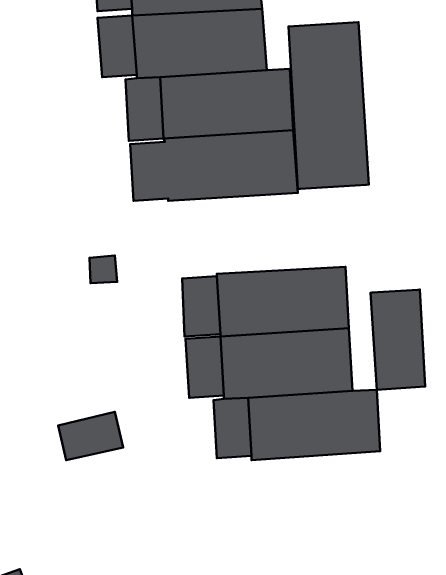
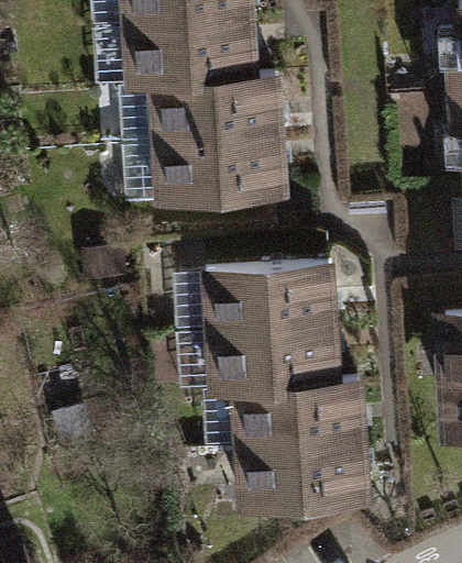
building: [288,22,369,189] -> none
building: [370,290,425,390] -> none
building: none -> [241,443,366,510]

